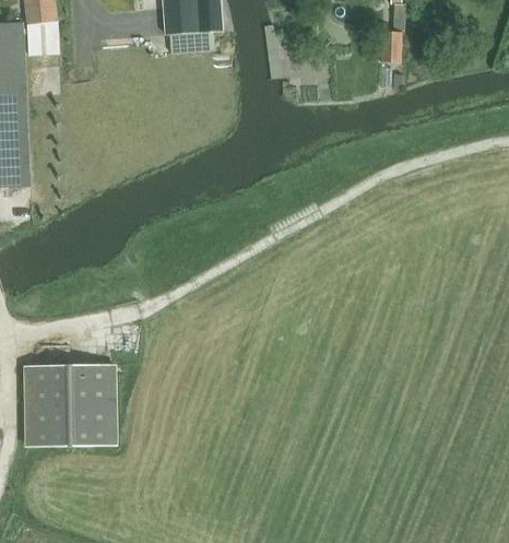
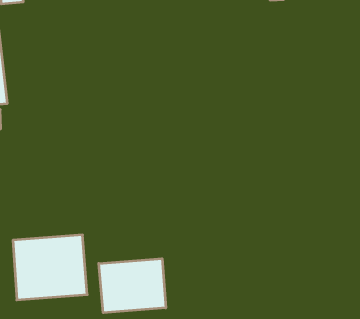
building: none -> [99,259,166,313]

